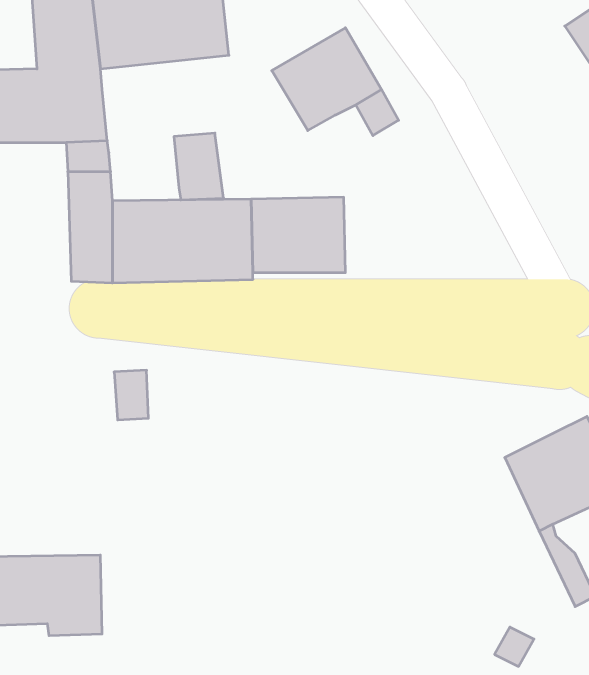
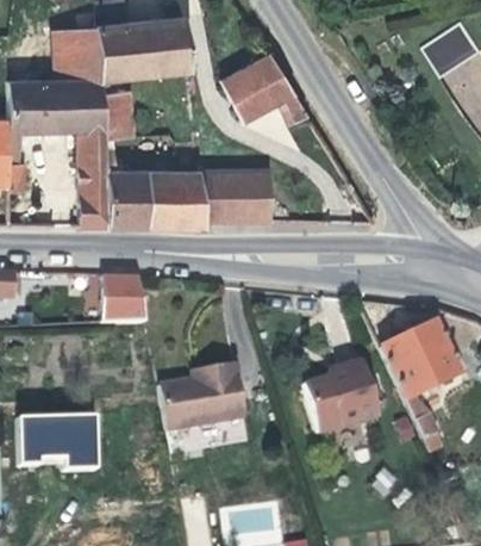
building: [174,133,224,200] -> [100,91,135,137]
building: none -> [158,362,245,430]
building: none -> [305,362,380,434]

